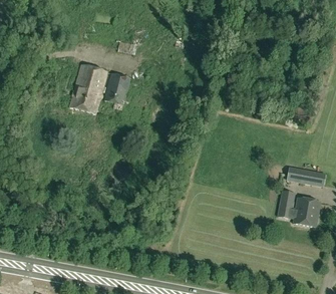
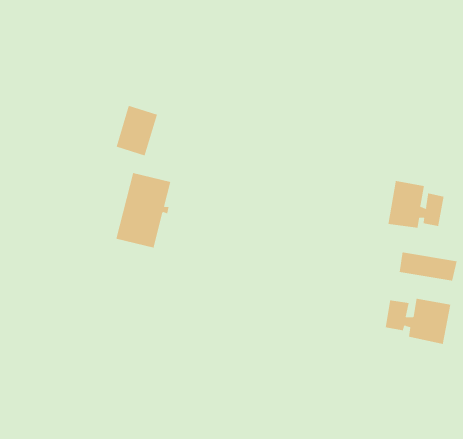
building: [70,64,106,113] -> [115,173,171,248]
building: none -> [388,180,444,229]

